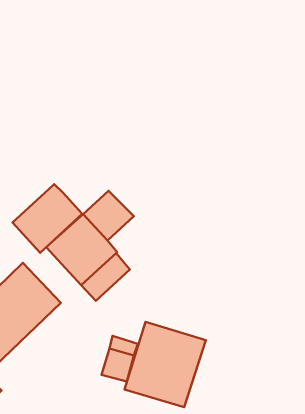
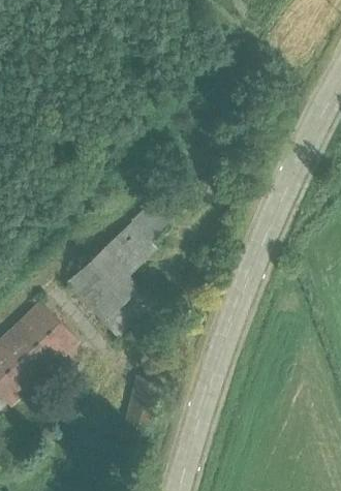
building: none -> [128,192,179,242]
building: [13,184,82,253] -> none
building: [125,322,206,407] -> none

